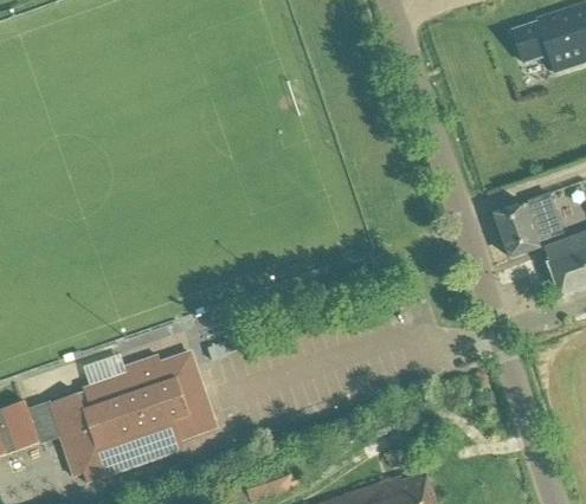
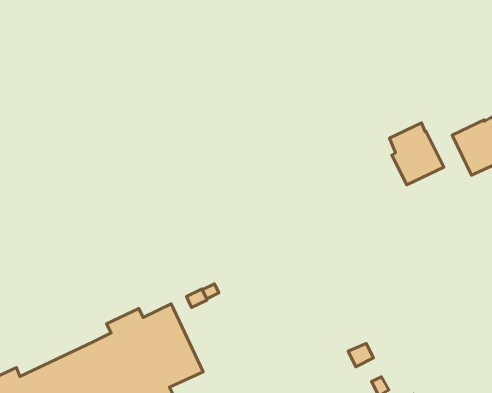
building: none -> [390,123,444,185]

